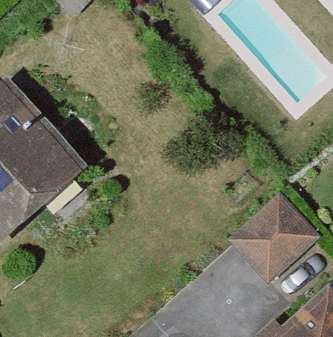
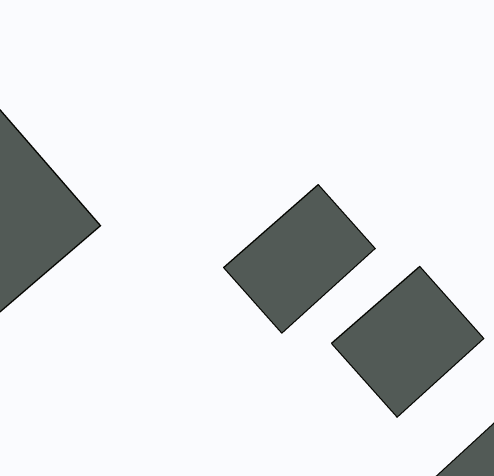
building: none -> [224,185,375,333]

